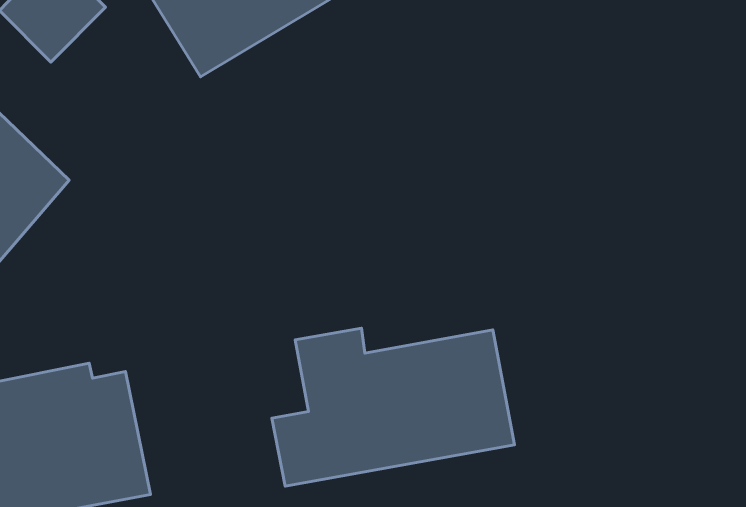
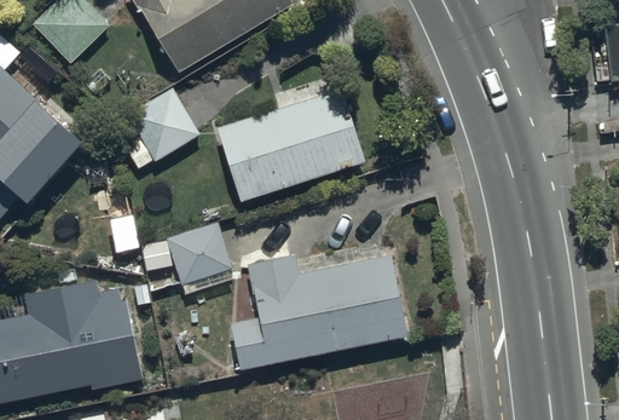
building: none -> [125,88,198,167]
building: none -> [216,92,365,205]
building: none -> [138,220,232,284]

